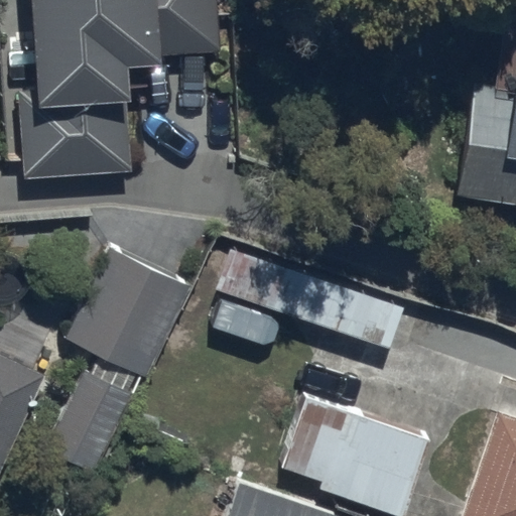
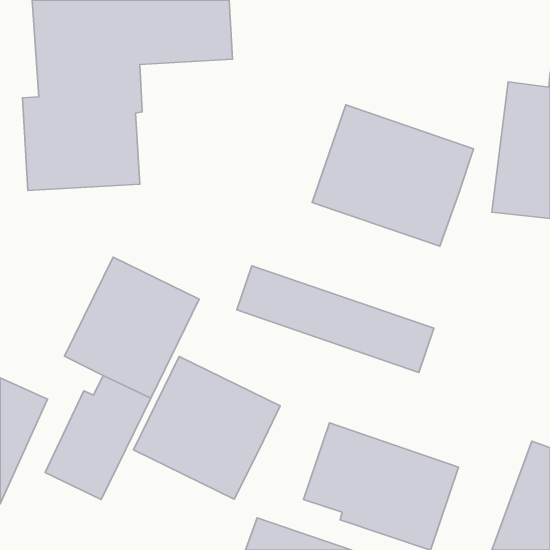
building: none -> [312,105,473,246]
building: none -> [133,357,280,499]

